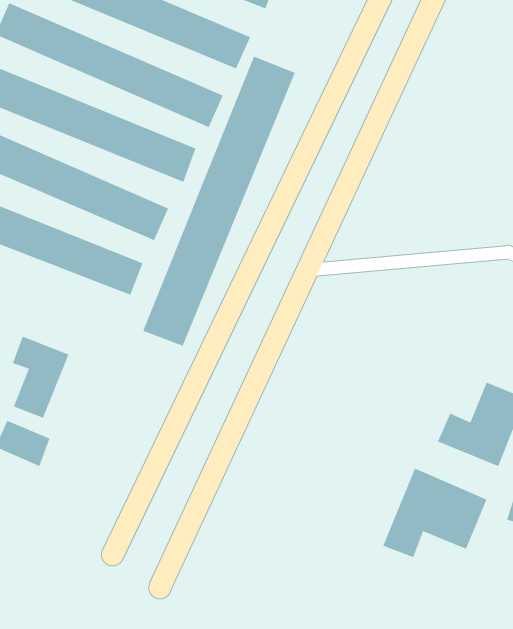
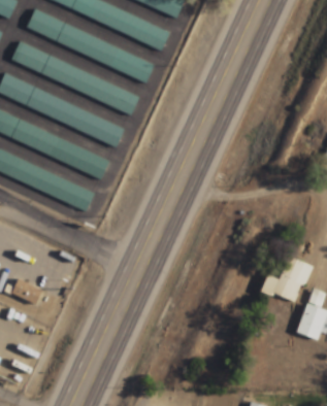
building: [142,55,296,347] -> none
building: [12,336,70,419] -> none
building: [382,468,487,558] -> none

